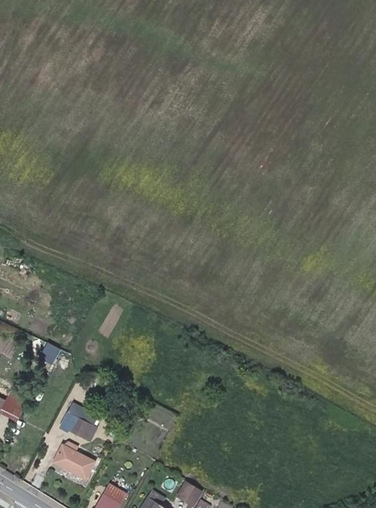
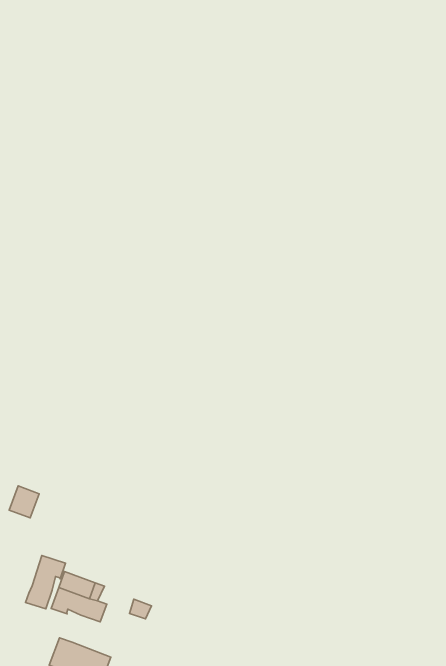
building: none -> [25,555,66,609]

